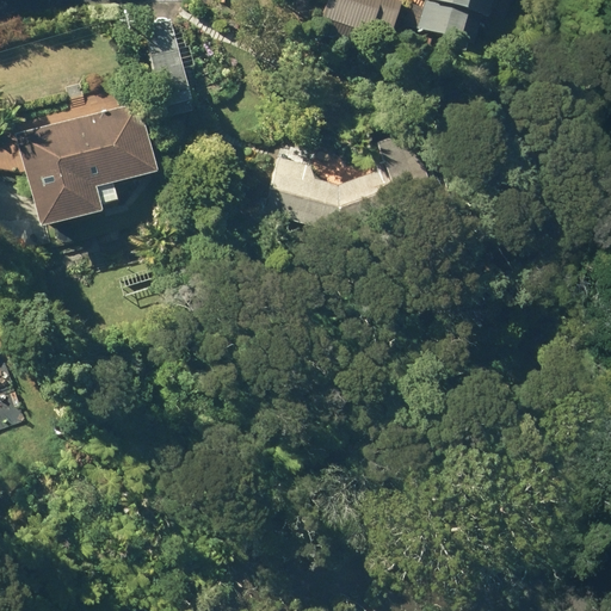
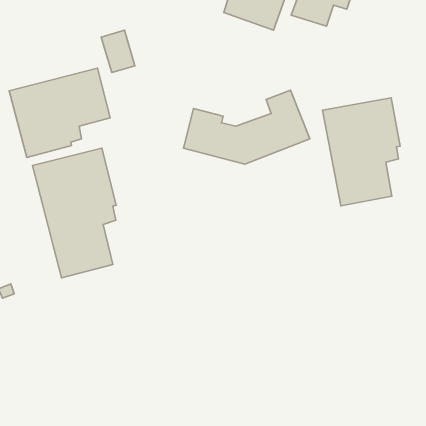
building: none -> [323,98,400,206]
building: none -> [33,148,116,278]

